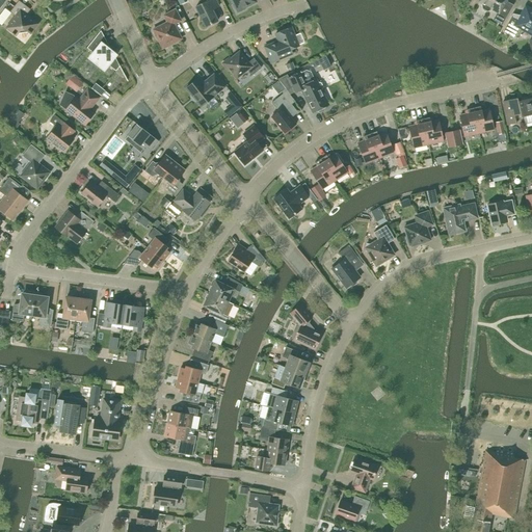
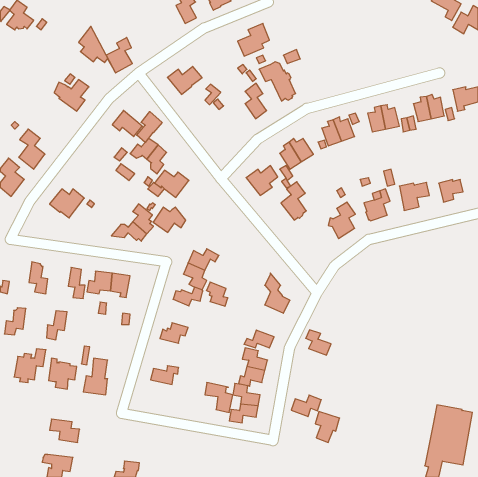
building: [153,8,182,48] -> [106,37,132,73]
building: [222,51,262,77] -> none
building: [47,114,74,151] -> none
building: none -> [137,112,162,143]
building: [235,125,264,164] -> none
building: [82,181,121,205] -> none
building: [228,243,264,271] -> [153,207,186,232]
building: [331,244,360,287] -> [281,182,306,220]
building: [11,290,35,320] -> [4,308,26,335]
building: [56,296,79,328] -> [47,311,67,340]
building: [188,332,212,360] -> [206,282,228,306]
building: [282,346,310,374] -> [306,330,331,355]
building: [176,376,201,402] -> none
building: [165,422,196,455] -> [205,383,233,412]
building: [153,474,182,505] -> none
building: [248,491,278,525] -> none
building: [336,496,369,520] -> [291,395,321,417]

